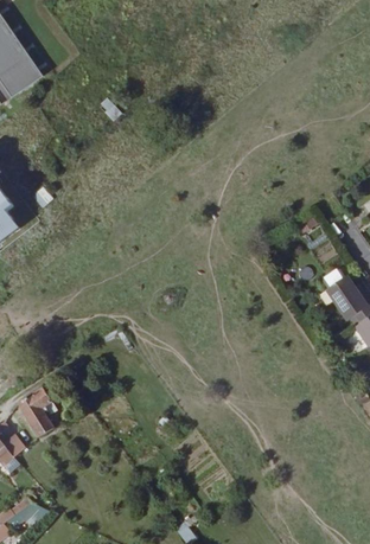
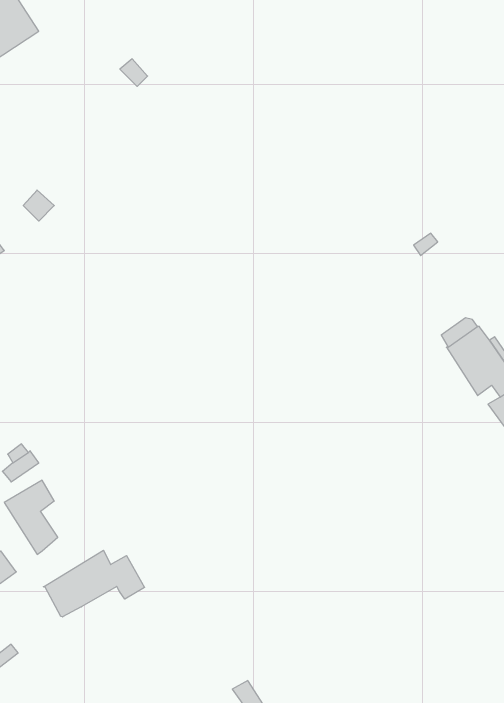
building: none -> [43,550,145,617]

